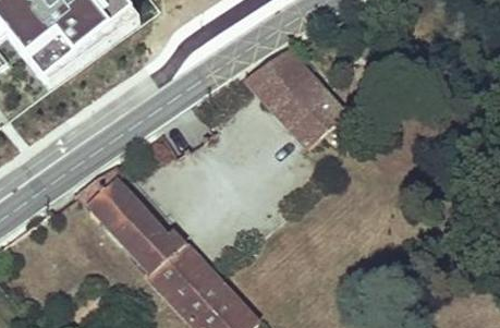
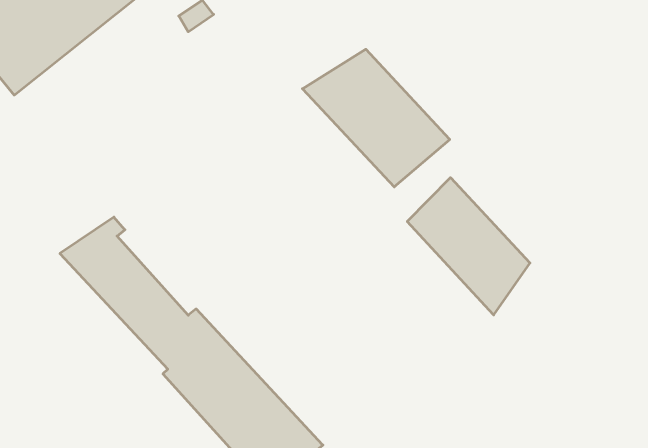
building: none -> [407,178,530,315]

